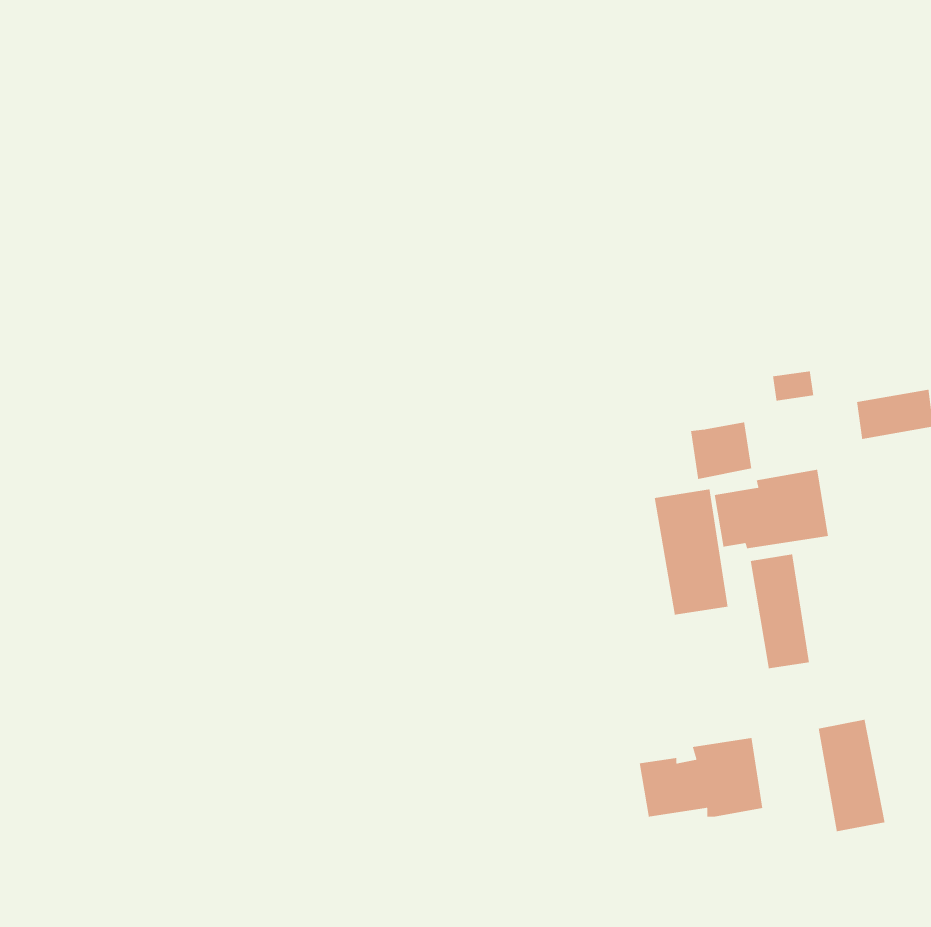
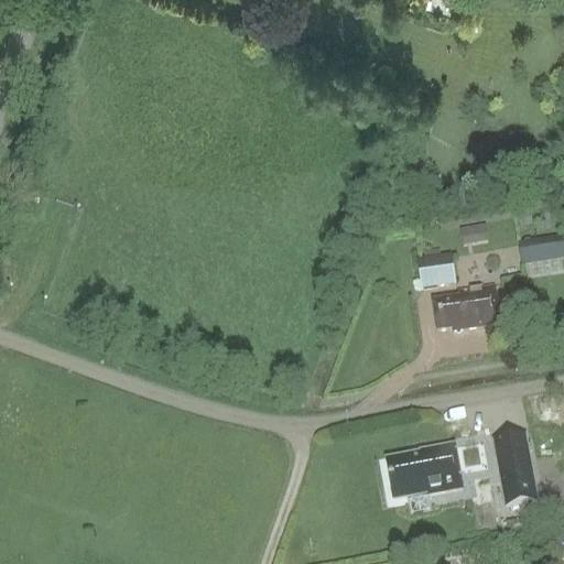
building: [654,488,728,616] -> none
building: [750,554,810,669] -> none

